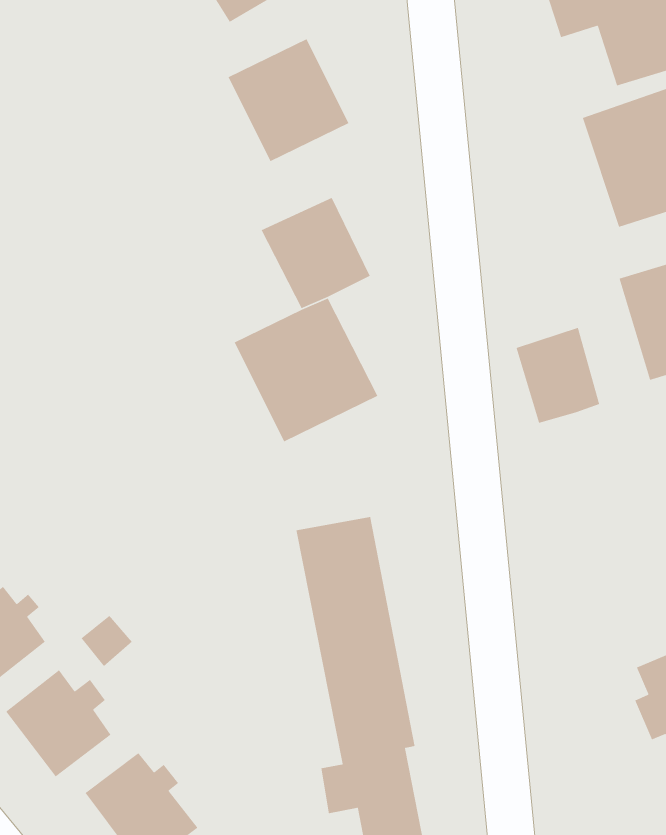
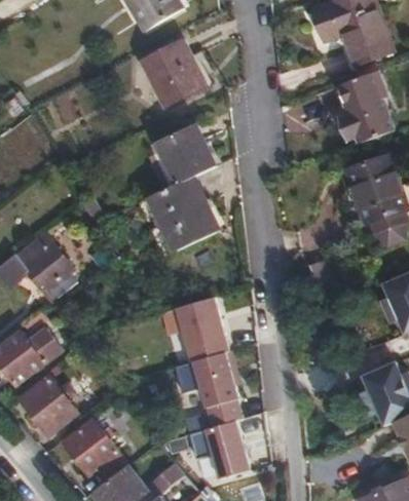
building: [516,327,600,424] -> none
building: none -> [25,243,79,304]

